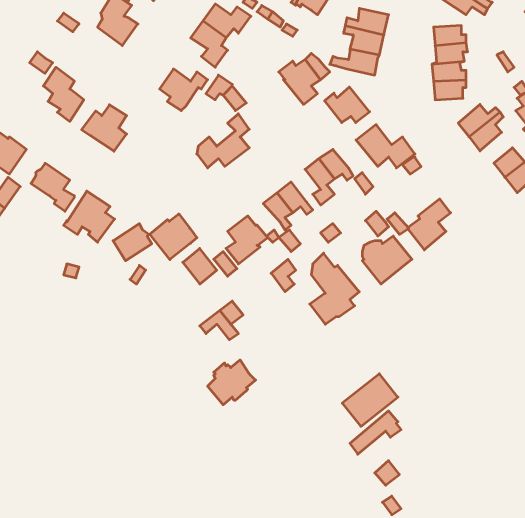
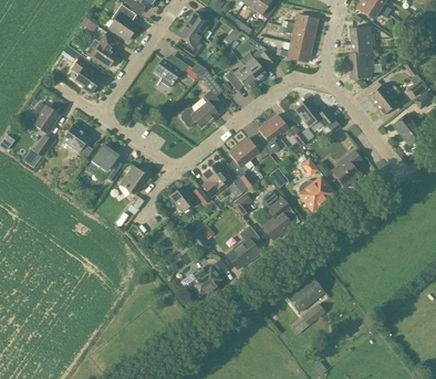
building: [325,87,370,123] -> [225,65,257,91]
building: [82,105,127,151] -> [85,34,117,67]
building: [150,214,197,260] -> none
building: none -> [226,225,260,270]

